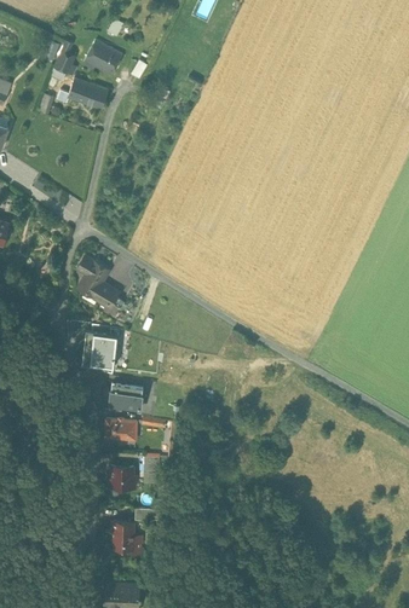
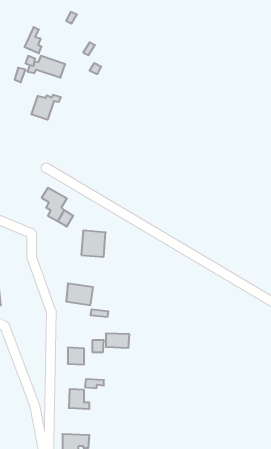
building: [85,40,122,75] -> none
building: none -> [32,95,61,120]
building: [77,332,110,367] -> [81,231,106,257]
building: [105,423,137,442] -> [106,333,129,348]

